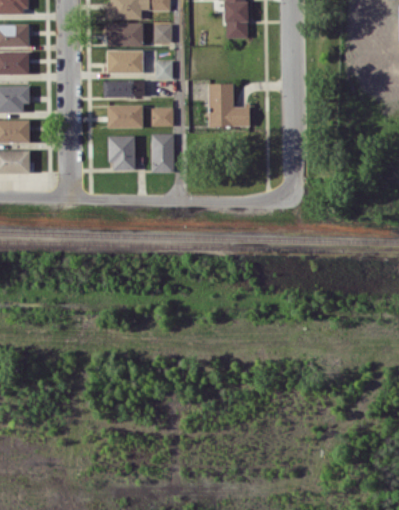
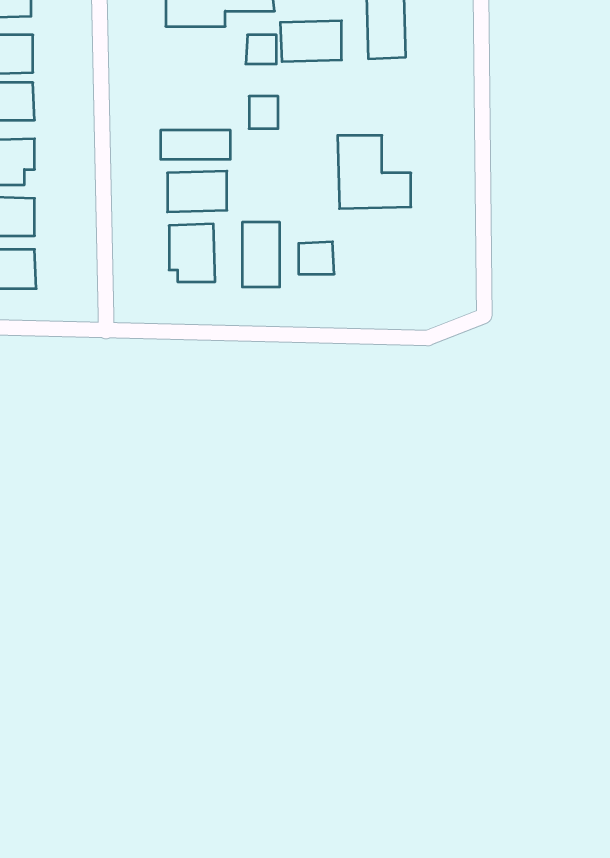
building: [107,22,143,46] -> [280,21,342,62]
building: [107,50,143,72] -> none
building: [152,107,173,126] -> [299,242,334,274]

